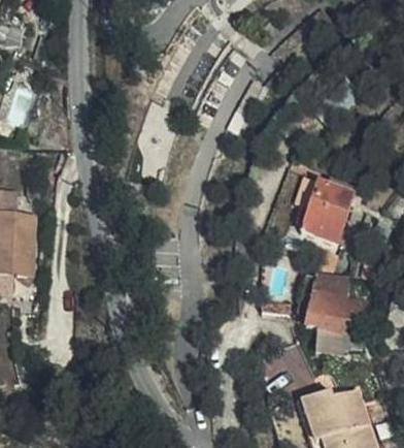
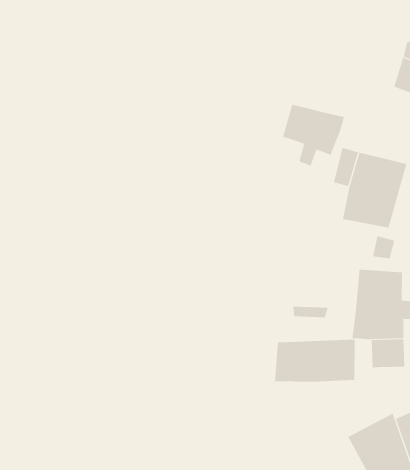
building: none -> [283,104,345,166]
building: none -> [275,339,355,382]

